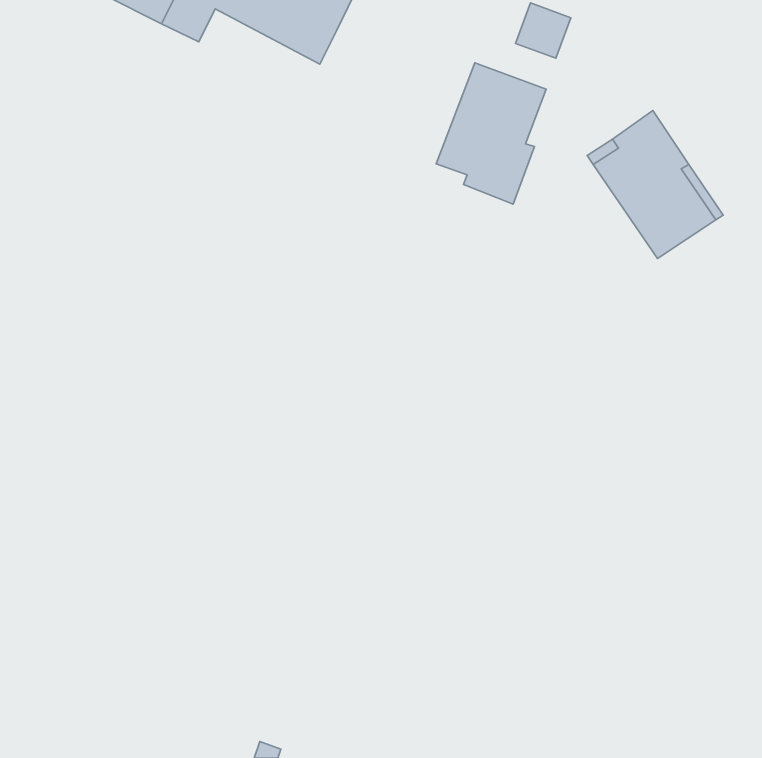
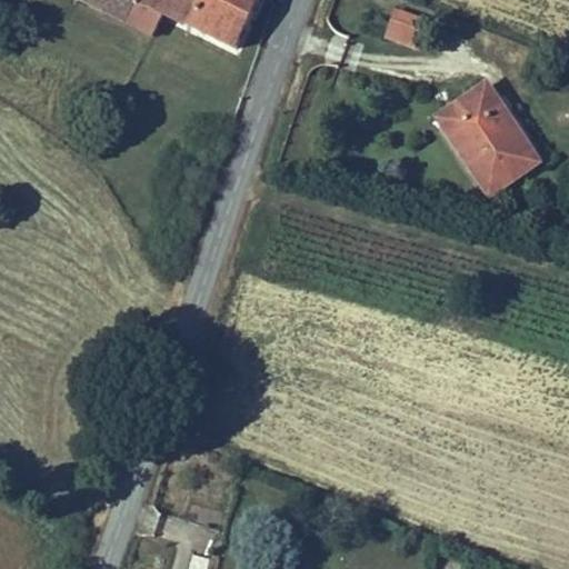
building: [436,63,546,204] -> none

